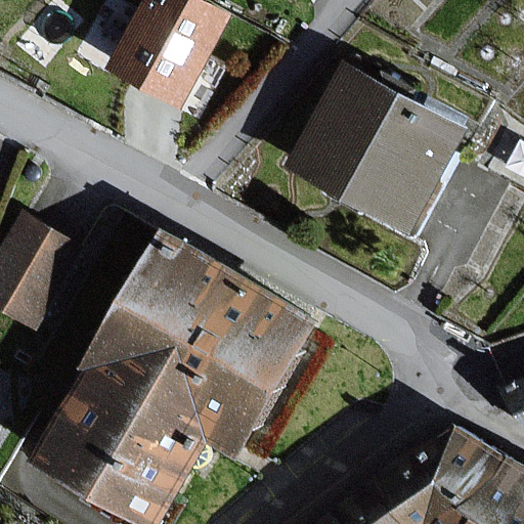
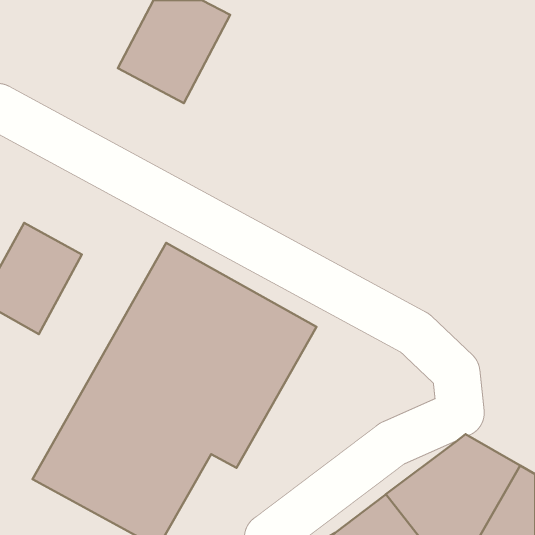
building: [295,73,456,225] -> none

